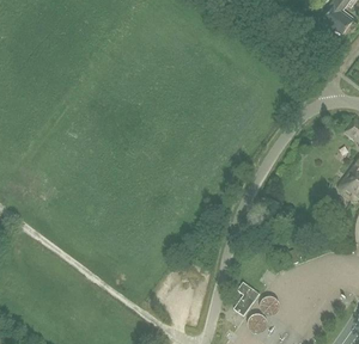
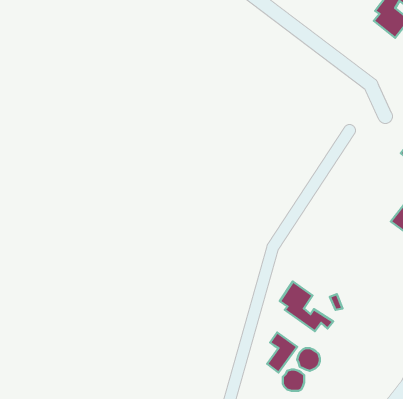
building: none -> [280,282,333,331]

